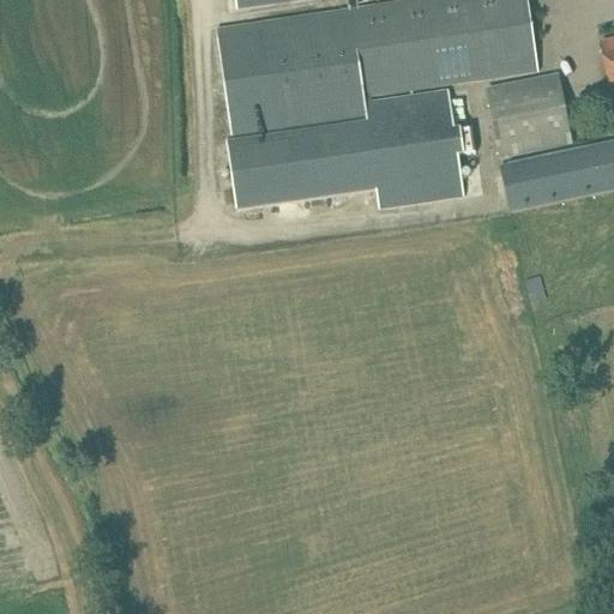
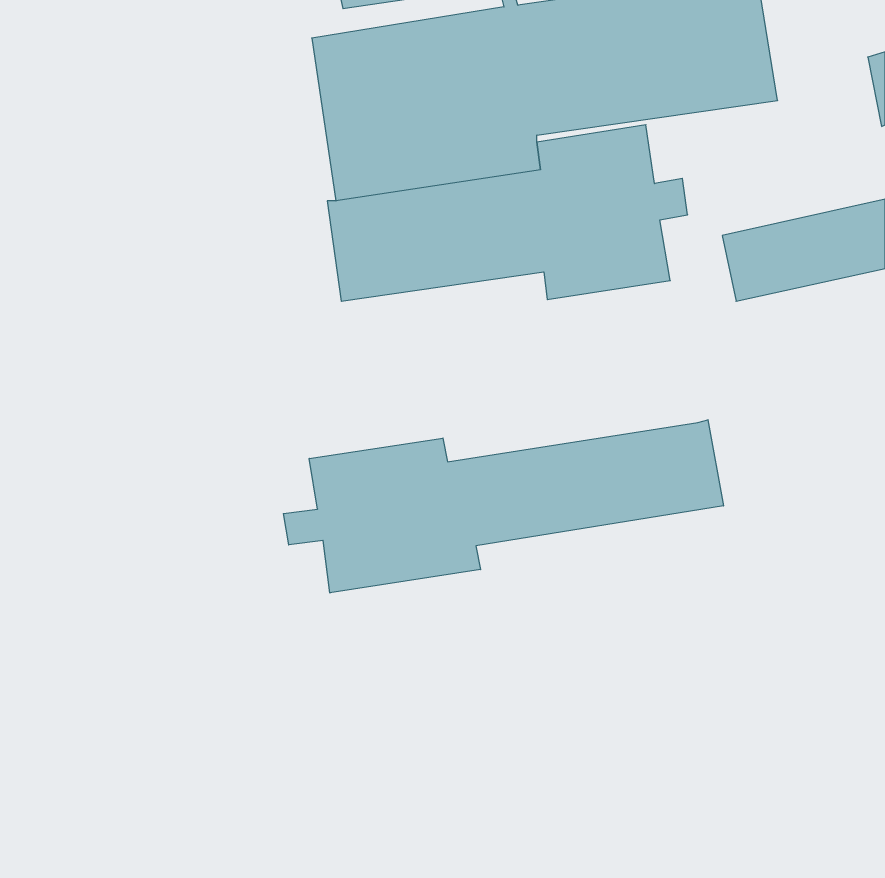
building: [486,72,571,157] -> none
building: none -> [283,420,723,593]

